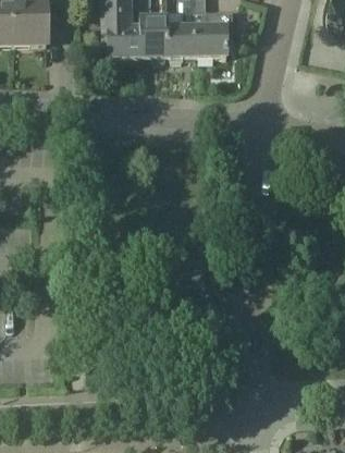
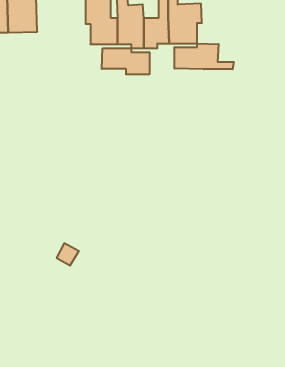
building: none -> [175,43,234,69]
building: none -> [102,48,149,74]

